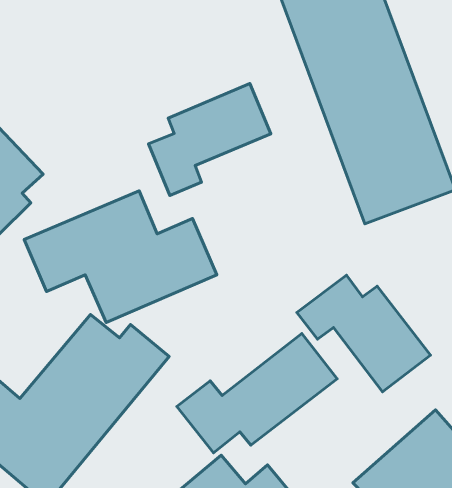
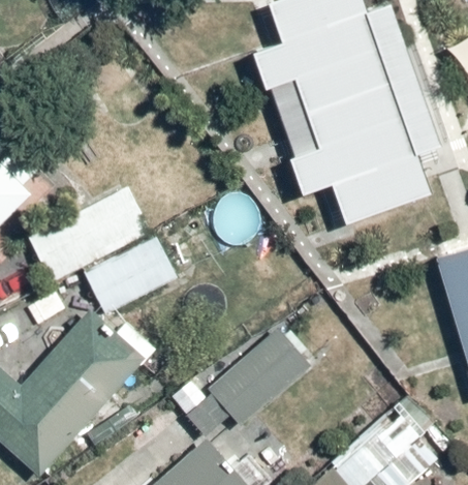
building: [149,83,271,196] -> none
building: [297,275,431,392] -> none

